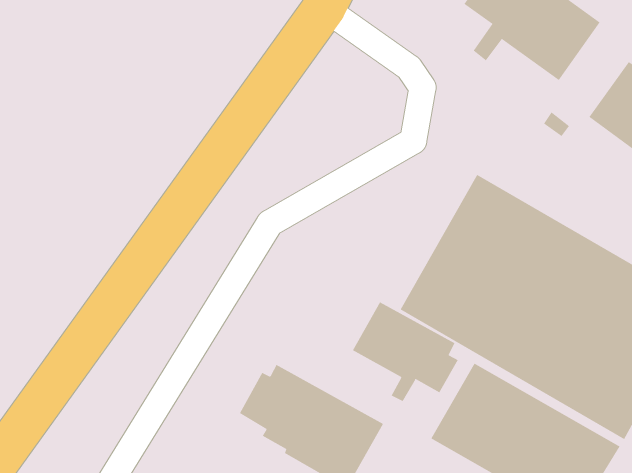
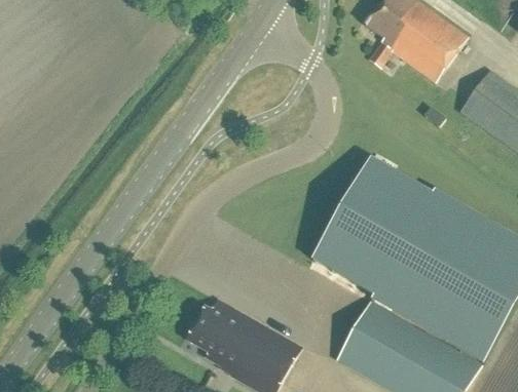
building: [352,301,458,402] -> none

